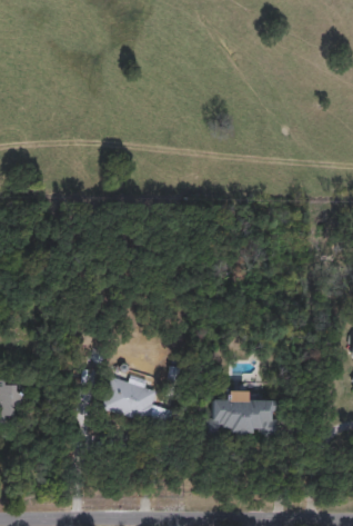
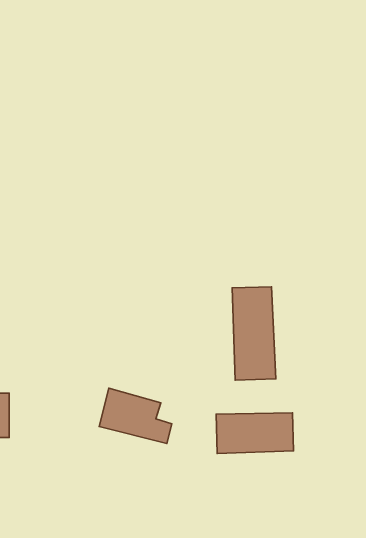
building: none -> [232,287,276,380]

